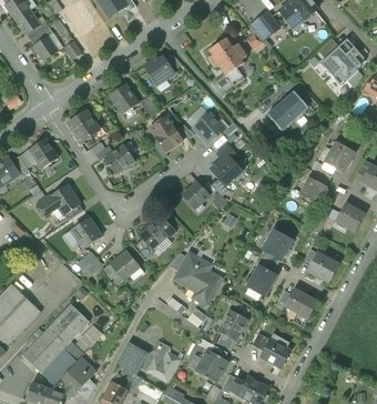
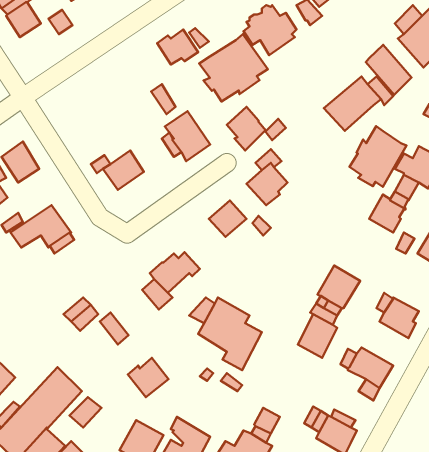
building: none -> [199,34,268,102]
building: none -> [366,45,411,95]
building: [110,83,139,113] -> none
building: [70,110,98,142] -> none
building: none -> [349,126,407,187]
building: [73,218,100,249] -> none
building: [110,251,140,280] -> [128,358,169,397]
building: [218,310,247,341] -> none

